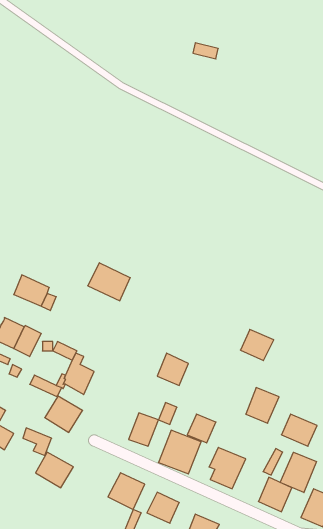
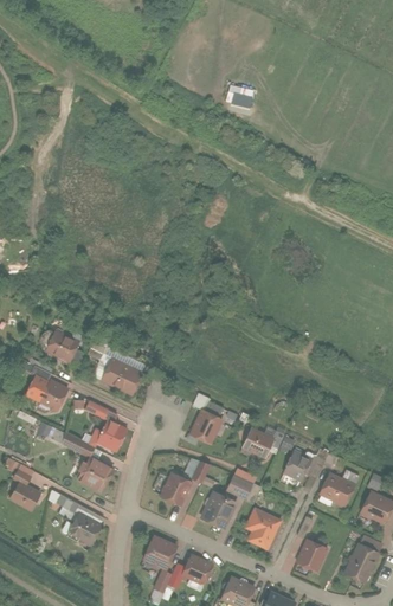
building: [88,263,130,301] -> [99,357,143,397]
building: [240,329,274,361] -> [243,427,277,459]
building: [280,452,316,493] -> none

